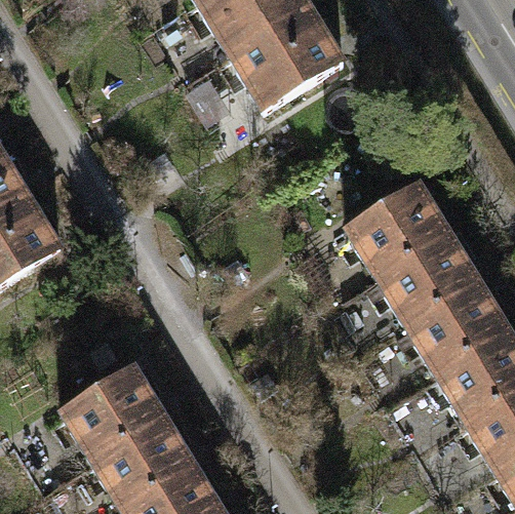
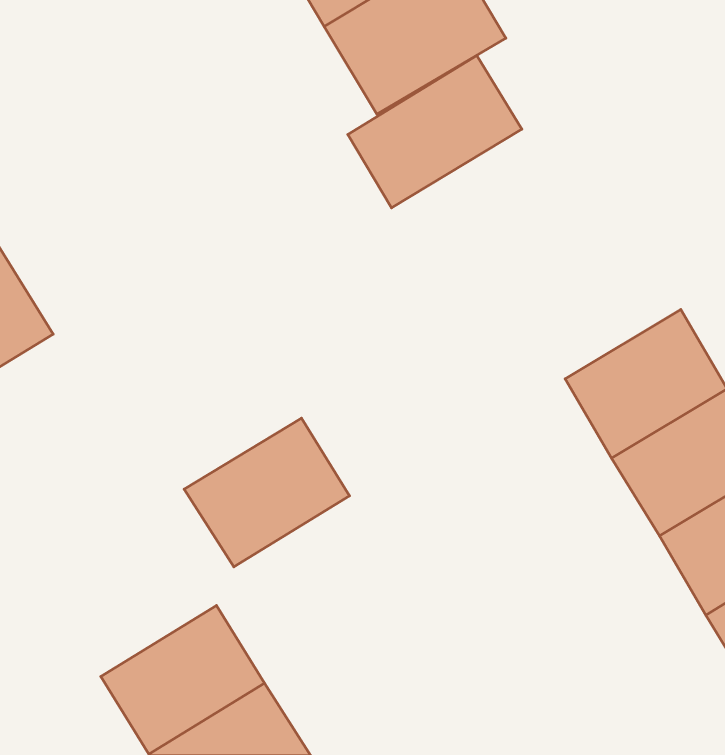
building: none -> [348,55,522,208]
building: [347,182,448,273] -> none
building: [57,365,160,458] -> [184,418,349,567]

